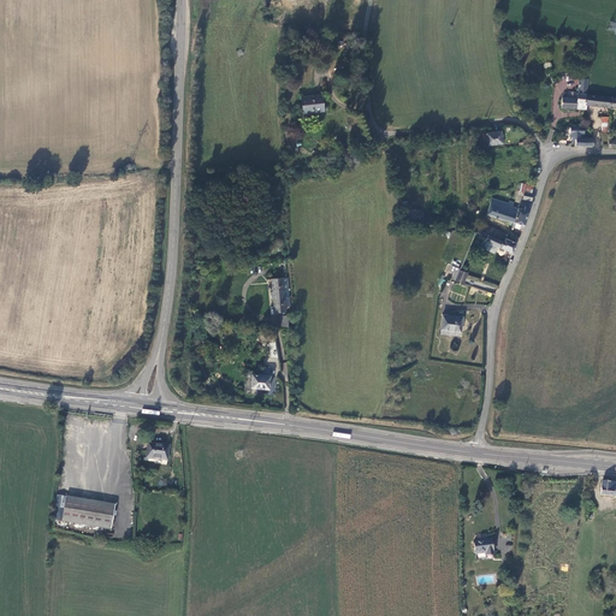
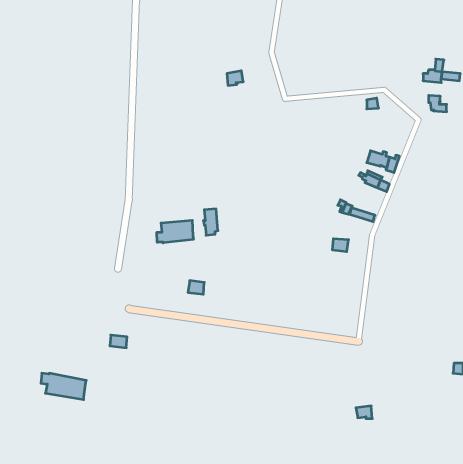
building: none -> [157,220,193,243]

